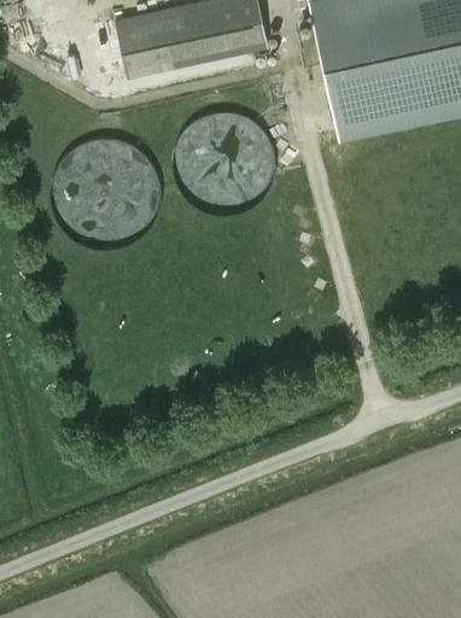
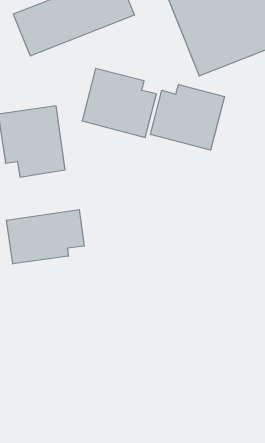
building: none -> [150,84,225,150]
building: none -> [6,210,84,264]

